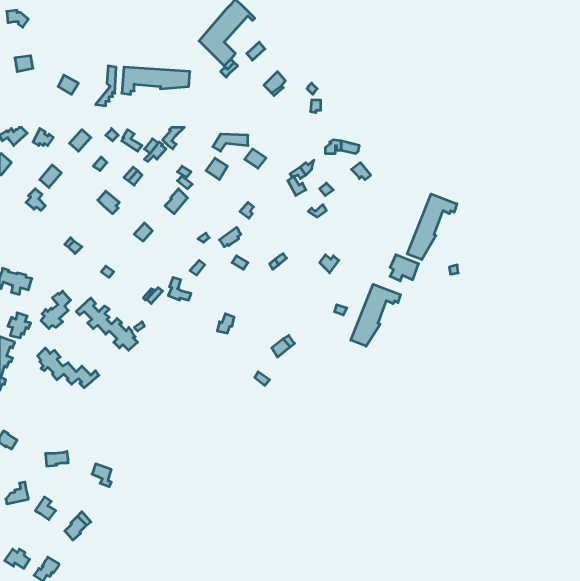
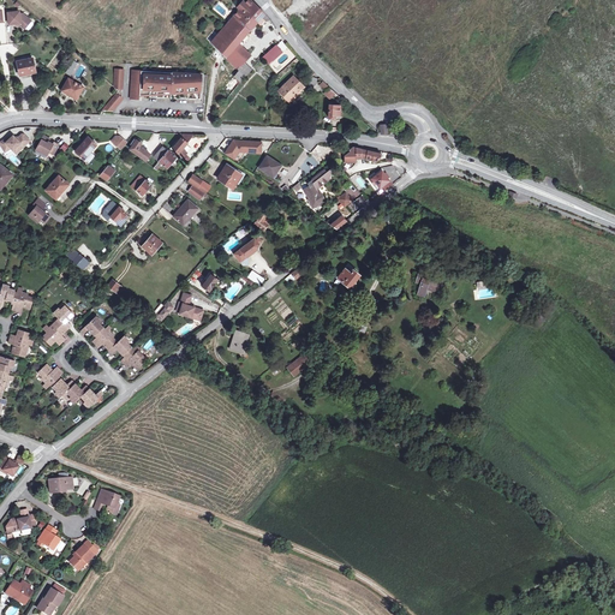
building: [407,194,457,260] -> none
building: [351,284,401,346] -> none

